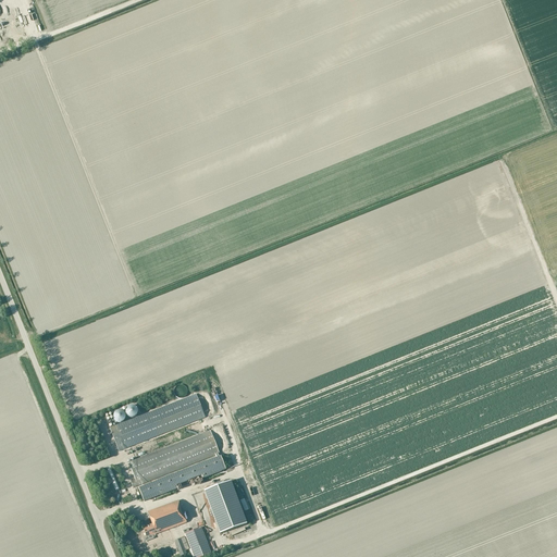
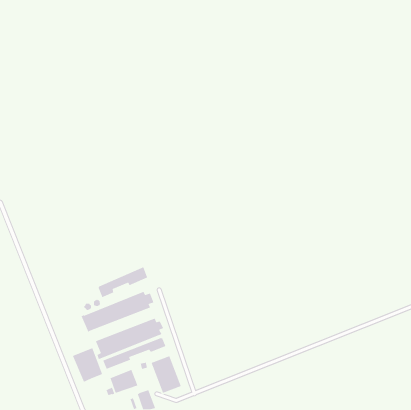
building: none -> [97,266,148,298]
building: none -> [72,347,103,383]

